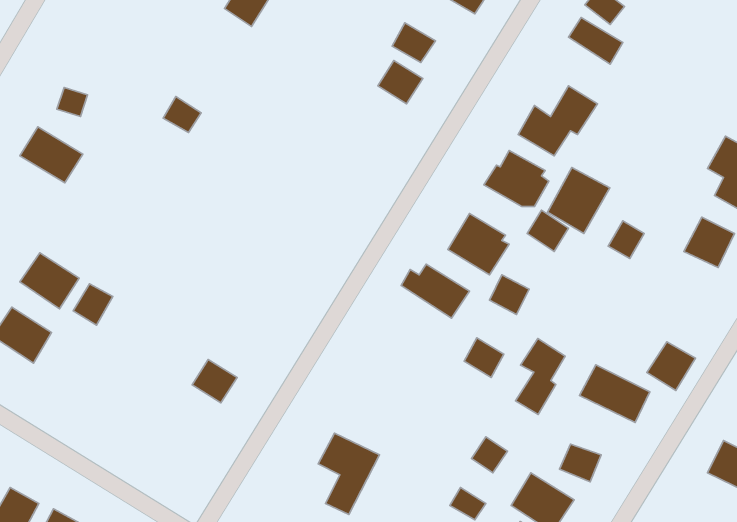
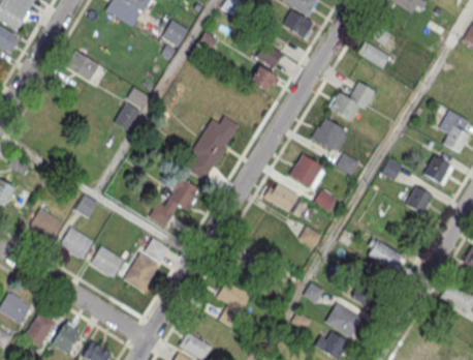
building: none -> [115,102,140,130]
building: [20,127,83,183] -> [63,51,99,83]
building: none -> [189,116,239,179]
building: [547,167,610,233] -> none
building: [20,253,79,309] -> [60,227,94,259]
building: none -> [149,177,200,226]
building: [516,339,565,415] -> none
building: [647,342,696,391] -> [405,186,433,214]
building: none -> [90,245,124,277]
building: none -> [124,253,159,293]

